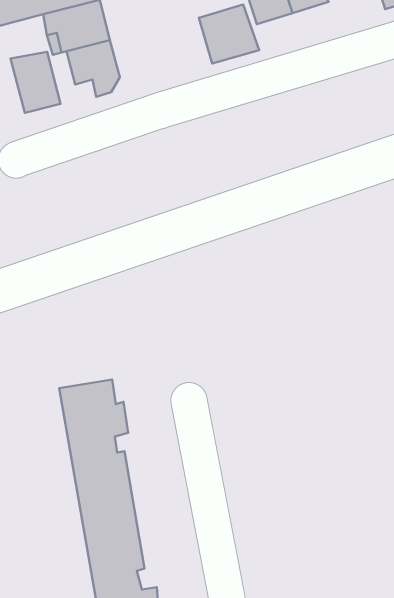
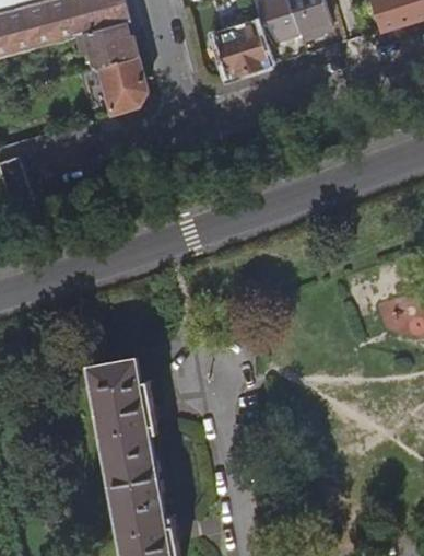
building: [10,52,61,113] -> none

